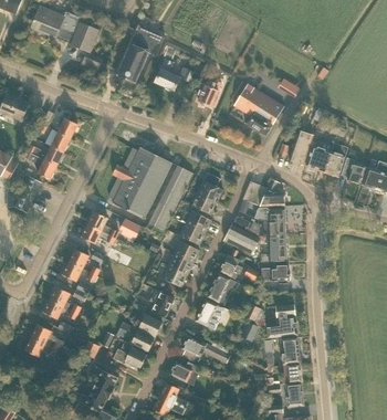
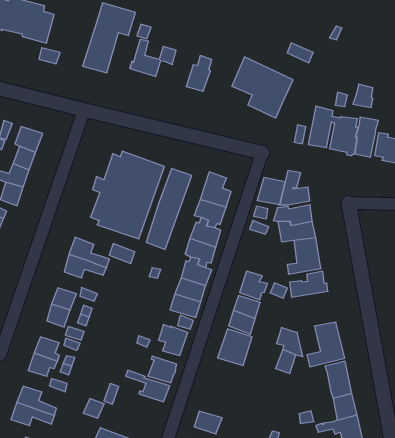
building: [223,225,264,254] -> none
building: [181,337,229,363] -> none
building: [113,342,146,369] -> none

